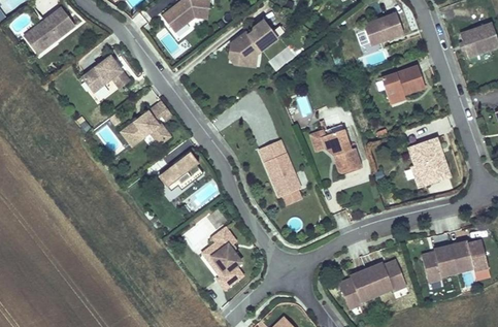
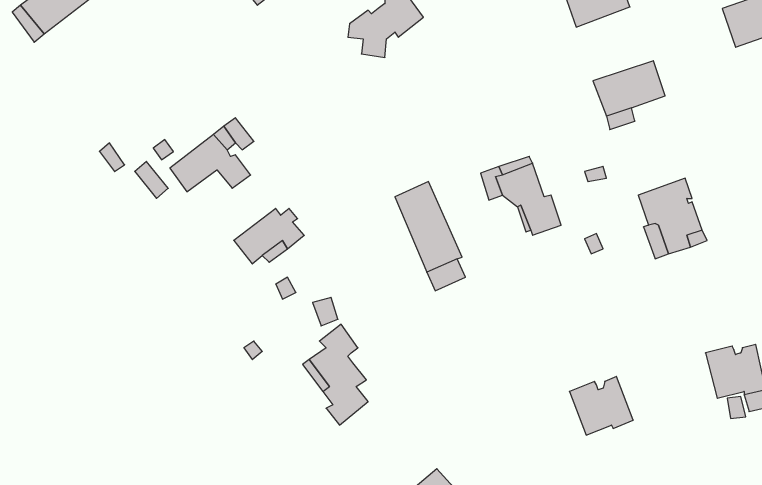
building: [81,55,129,92] -> none
building: [422,244,457,282] -> none
building: [338,268,376,308] -> none

